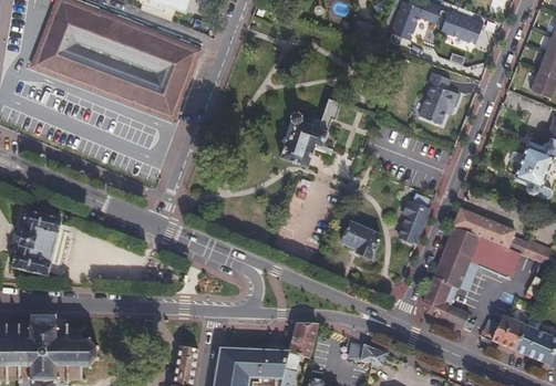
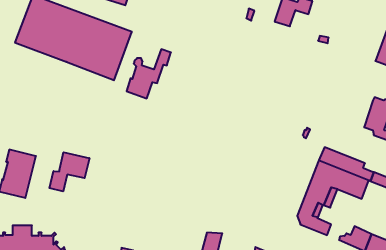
building: [436,12,485,45] -> none
building: [418,71,456,123] -> none
building: [279,97,340,165] -> [127,49,171,98]
building: [399,194,428,242] -> none
building: none -> [49,152,89,191]
building: [341,221,380,258] -> none

